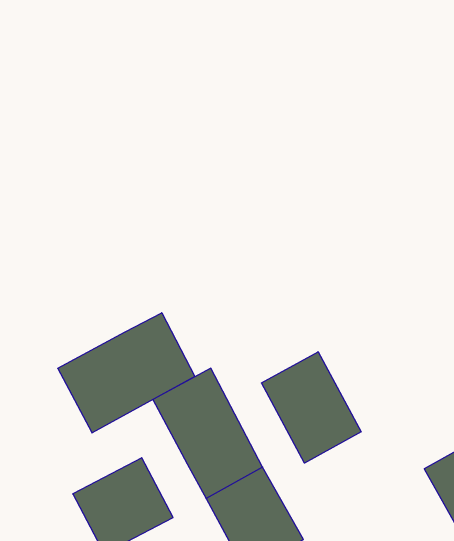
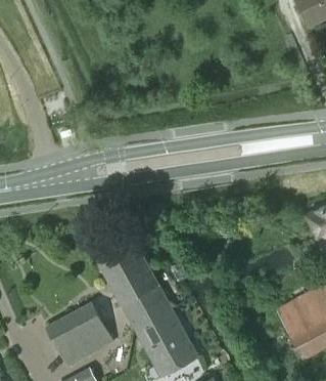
building: [58,313,195,433] -> none
building: [261,352,361,463] -> none

